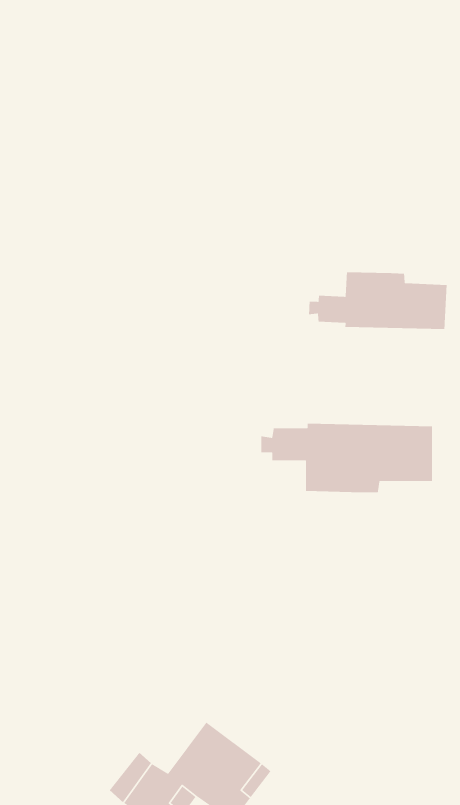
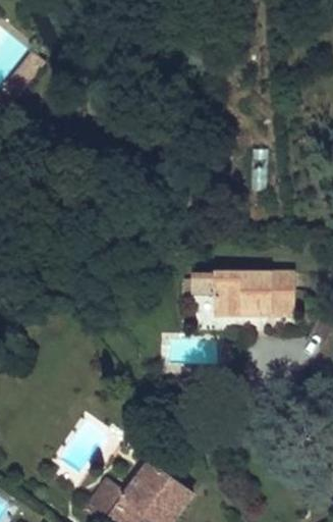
building: [308,272,448,330] -> none

